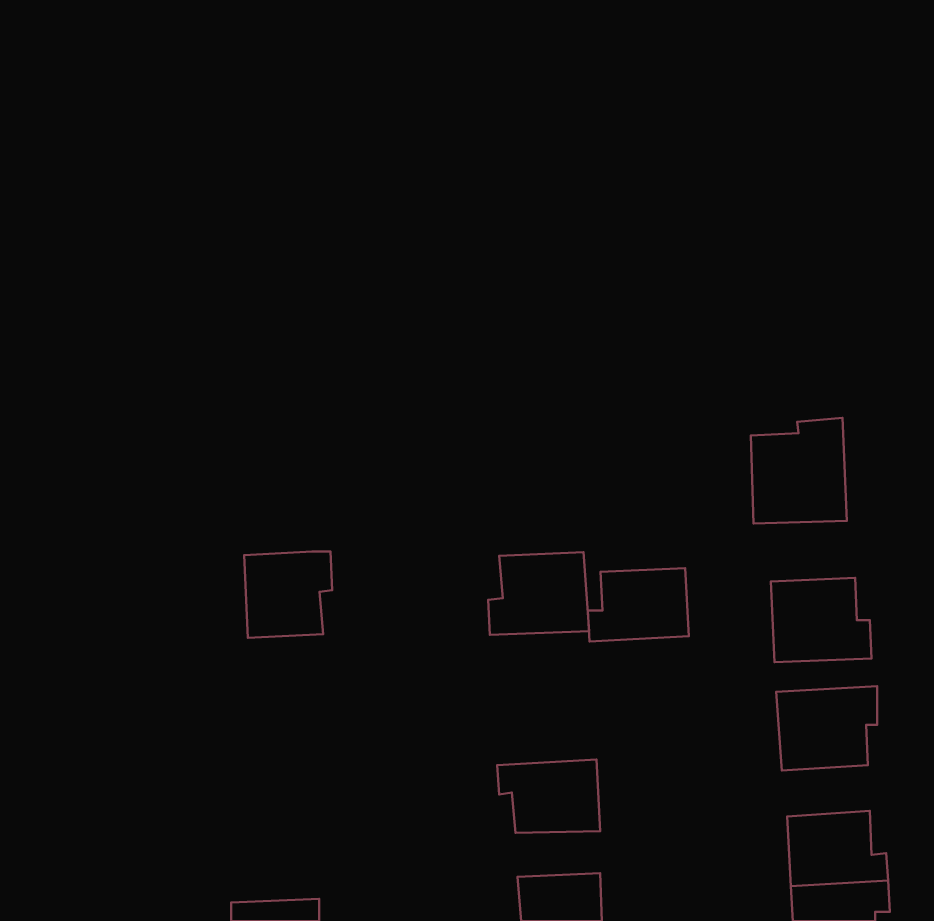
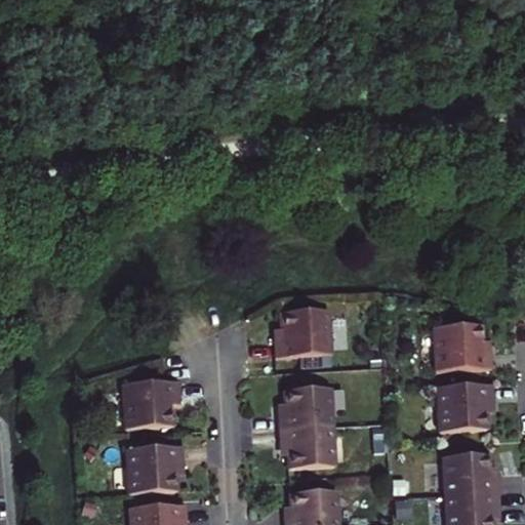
building: [751,418,847,524] -> none
building: [244,551,332,638] -> [125,379,174,428]
building: [588,568,689,642] -> [279,387,335,428]
building: none -> [129,446,178,493]

